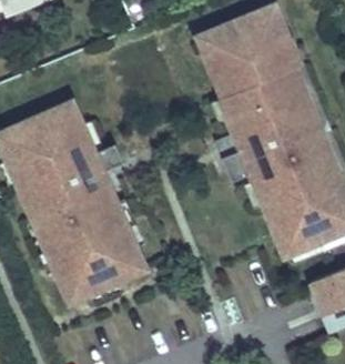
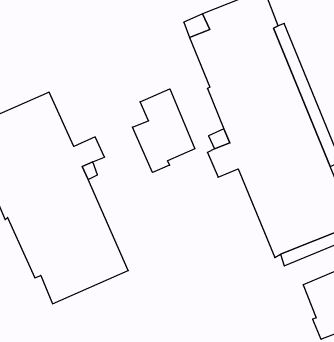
building: none -> [132,89,195,172]

